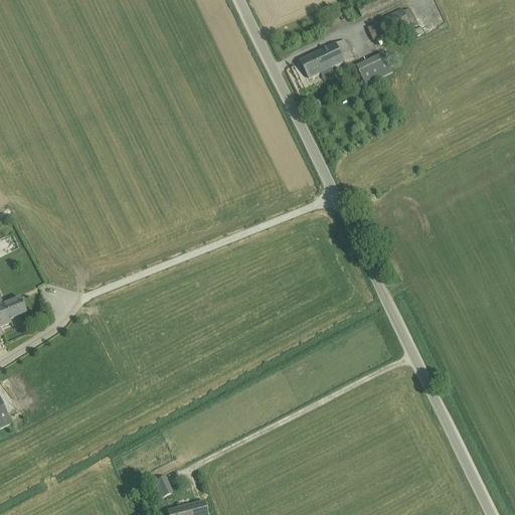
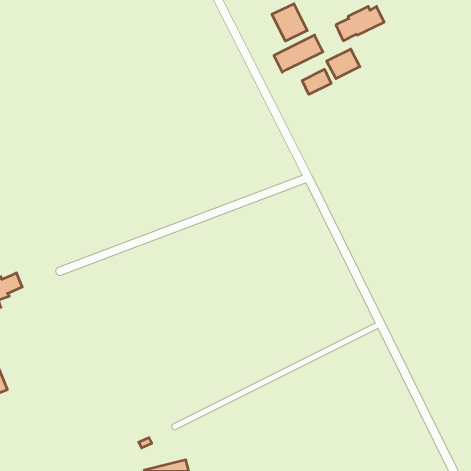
building: none -> [272,4,307,41]
building: none -> [302,69,331,94]

